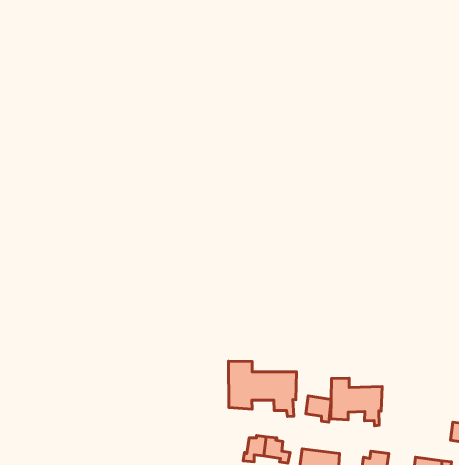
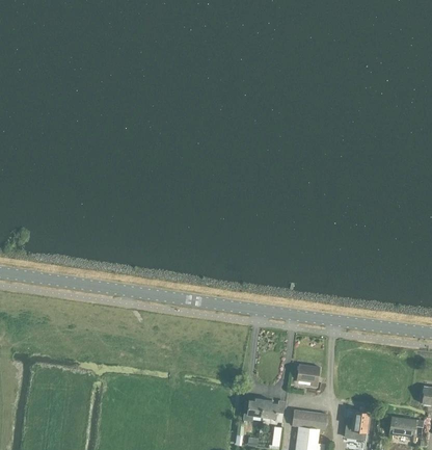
building: [228,361,296,417] -> none
building: [331,378,382,426] -> none

